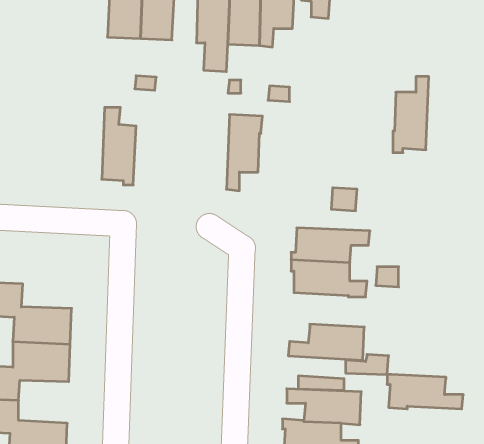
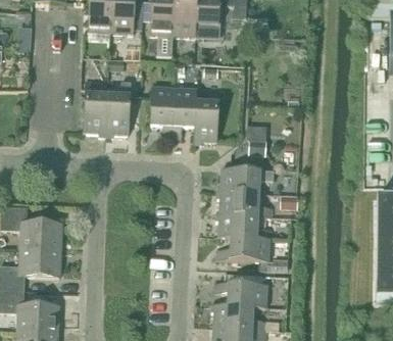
building: [393,77,429,153] -> [194,89,219,143]
building: none -> [106,83,132,137]
building: none -> [150,87,175,140]
building: [387,374,463,409] -> [217,213,272,238]

